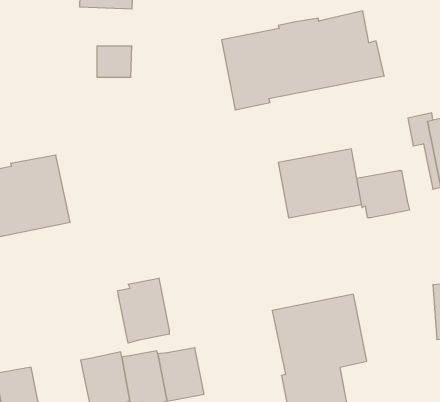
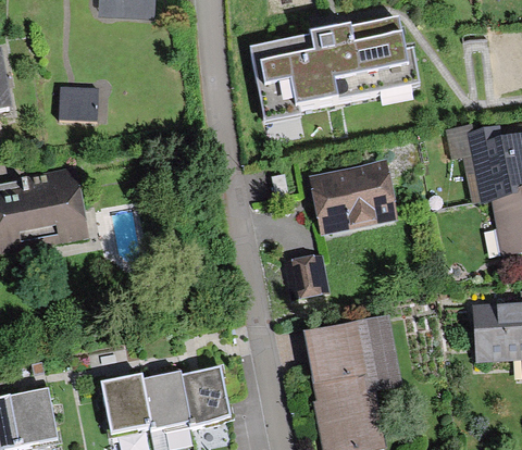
building: [97,46,132,77] -> [61,88,98,121]
building: [357,171,409,218] -> none
building: none -> [284,254,331,300]
building: [118,278,169,343] -> none

